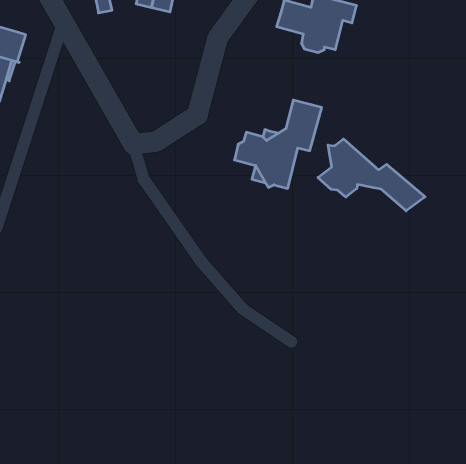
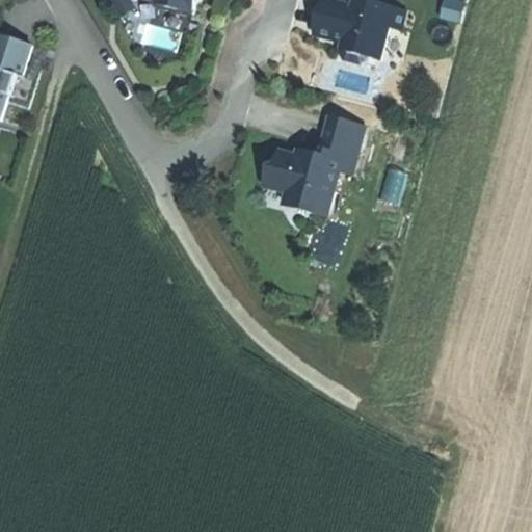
building: [318,139,425,211] -> none

